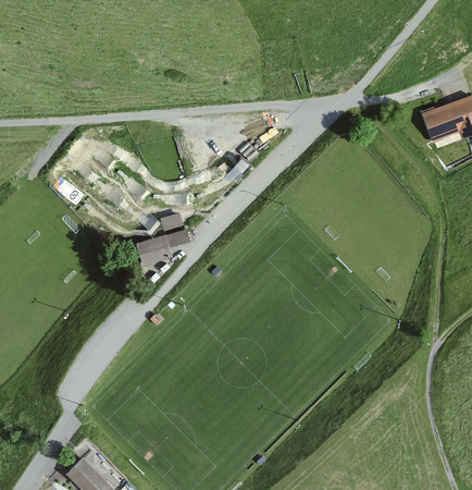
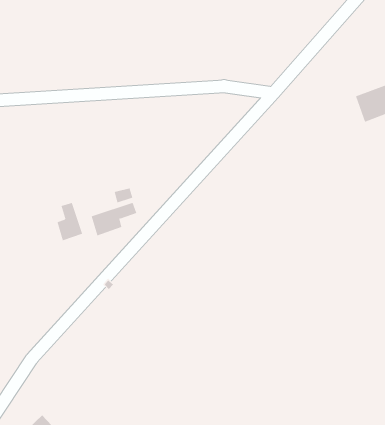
building: none -> [57,202,83,241]

